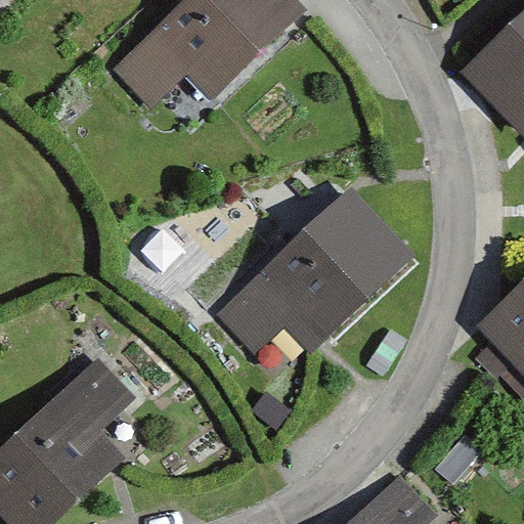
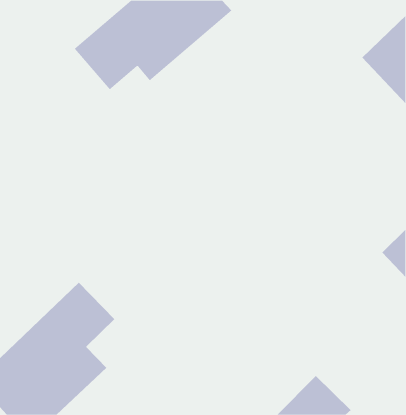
building: [220,187,423,360] -> none

